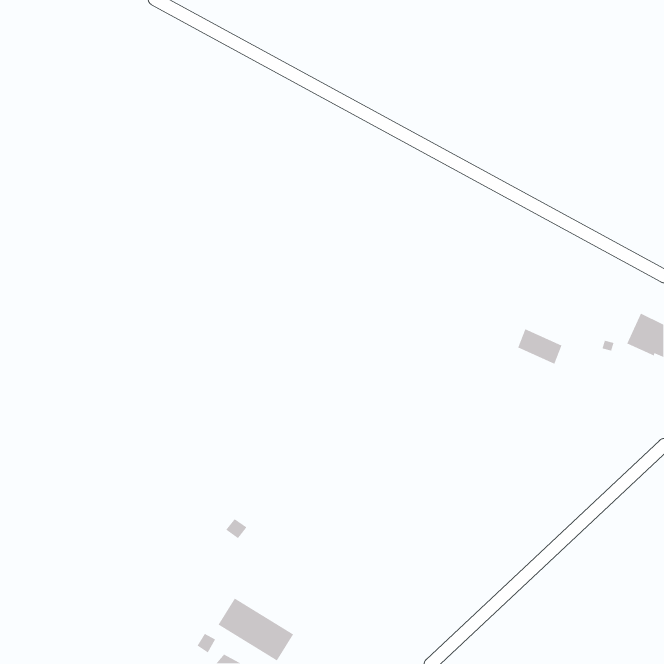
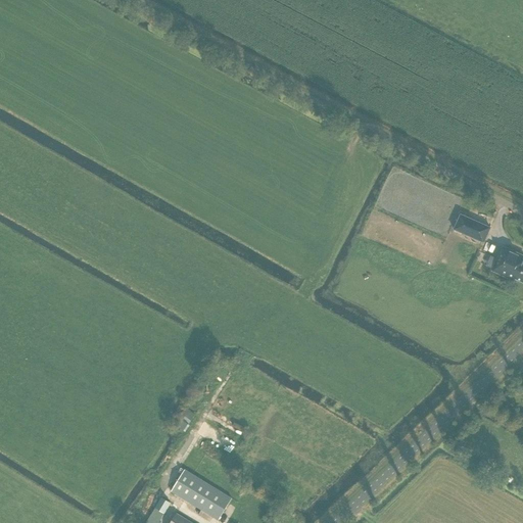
building: [517,328,563,365] -> [454,213,489,242]

